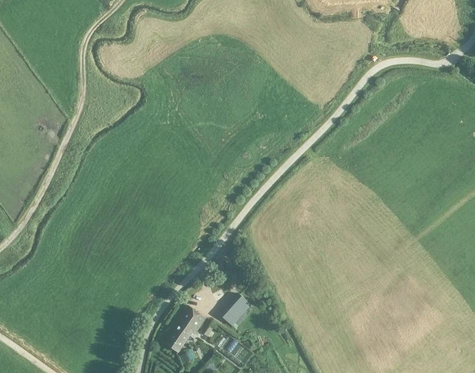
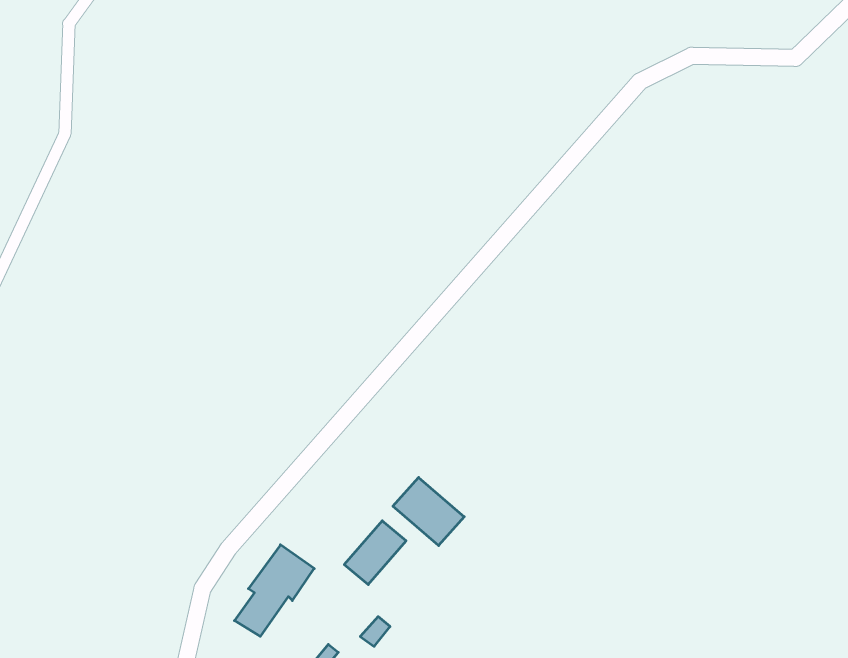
building: none -> [393,477,464,546]

